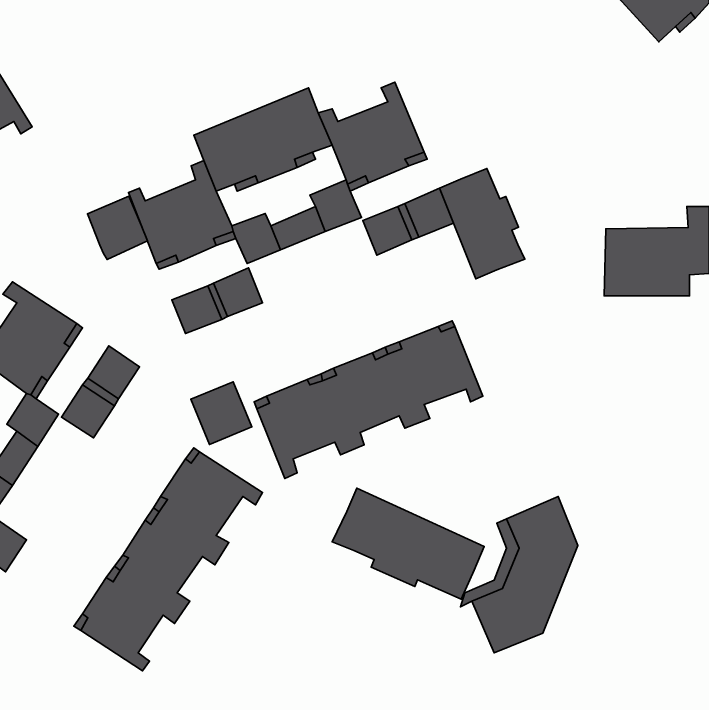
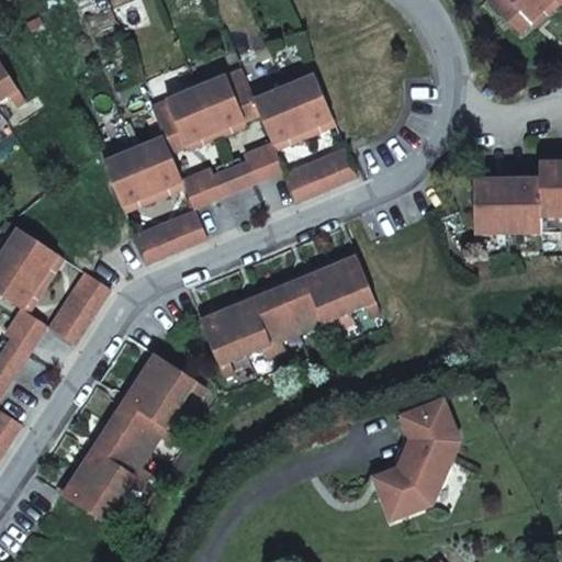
building: [440,168,525,279] -> none
building: [87,196,147,260] -> none
building: [191,382,252,444] -> none
building: [332,488,484,599] -> none

